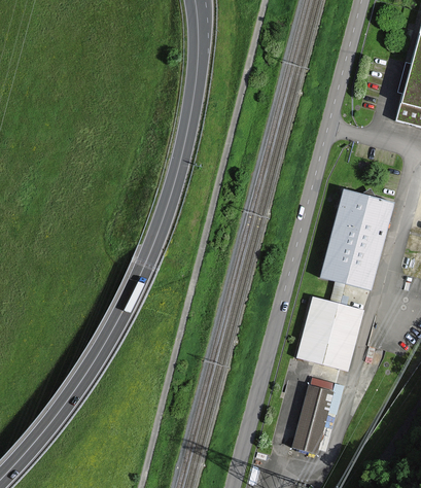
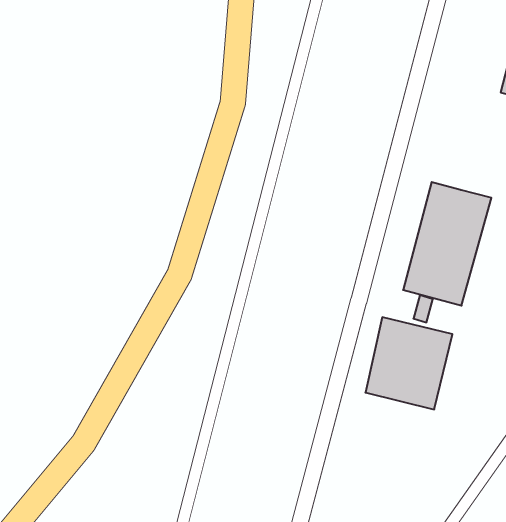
building: [291,383,337,452] -> none

